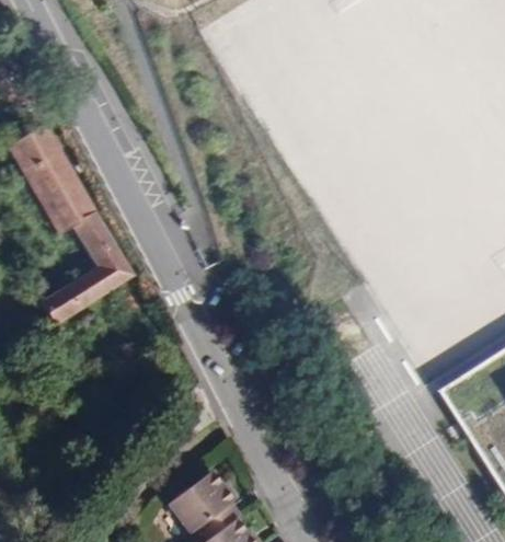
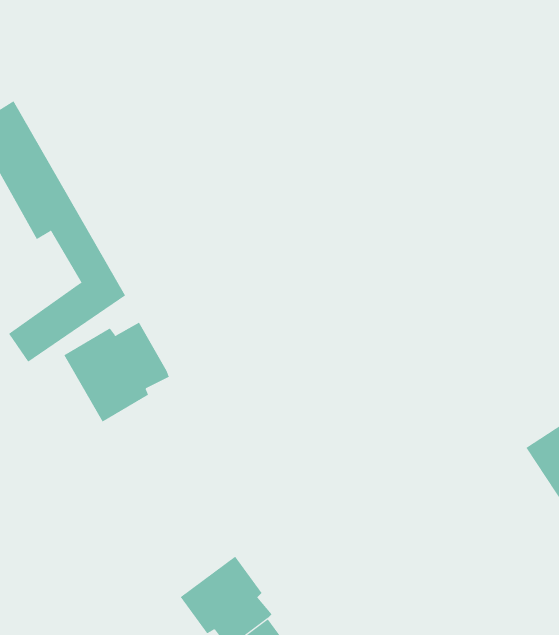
building: none -> [64,322,170,422]

